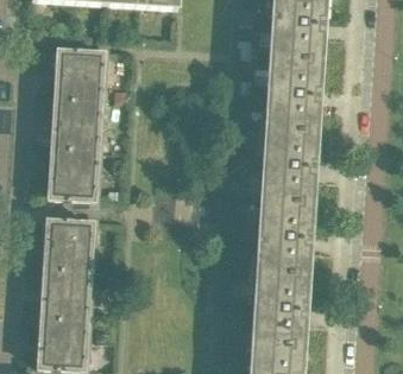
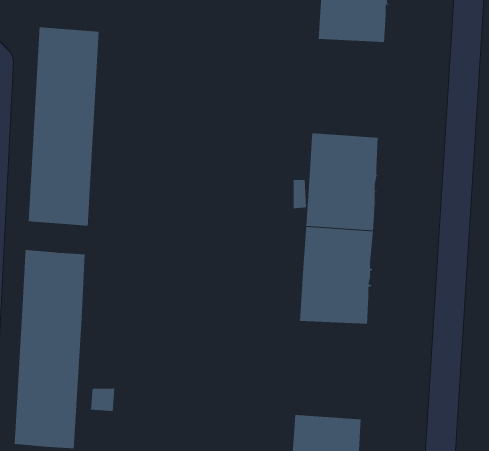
building: [264,57,320,132] -> none
building: [251,272,307,347] -> none

